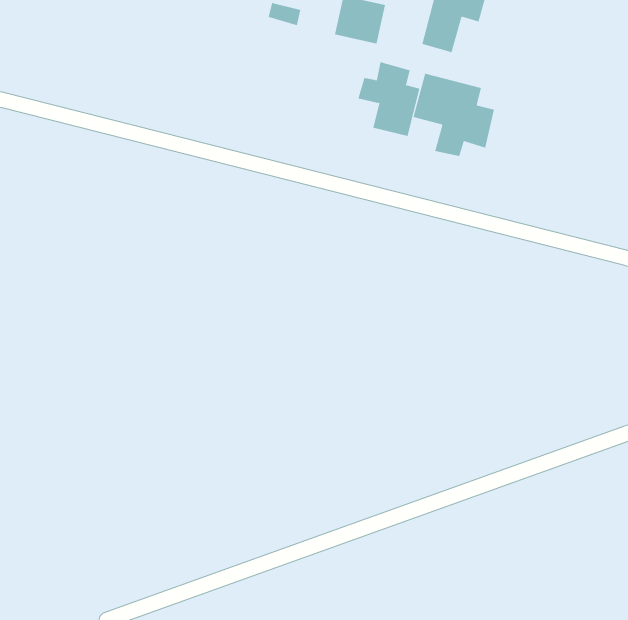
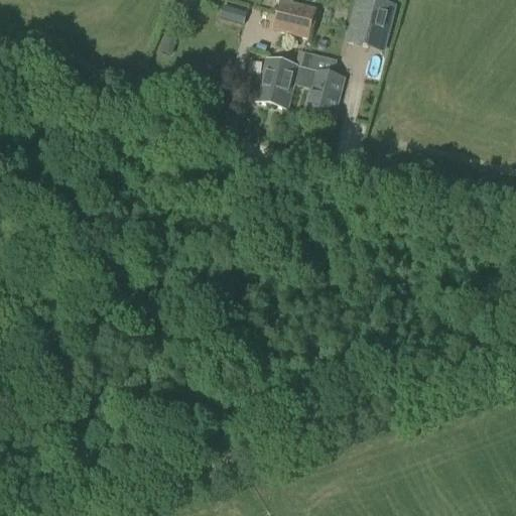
building: none -> [255,55,298,106]
building: [413,73,495,157] -> none

